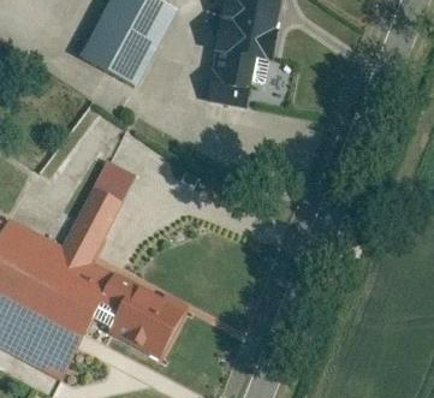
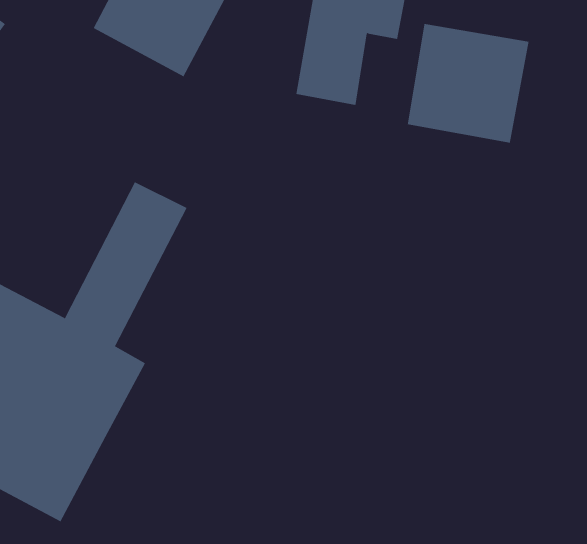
building: none -> [407,23,529,143]
building: [88,271,190,361] -> none

